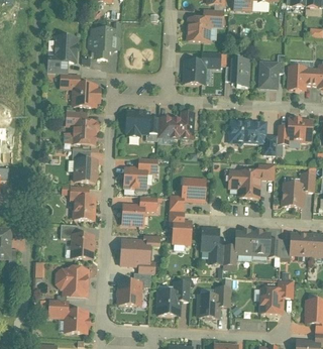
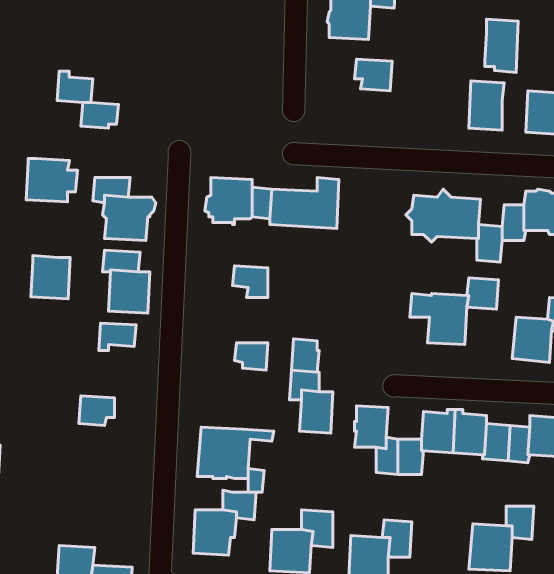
building: [89,28,111,59] -> none
building: [55,36,76,61] -> none
building: [231,59,248,86] -> [485,19,518,72]
building: [184,60,205,83] -> none
building: [74,84,100,106] -> [26,158,78,202]
building: [124,166,146,187] -> none
building: [182,179,205,201] -> none
building: [74,197,94,219] -> [31,255,70,299]
building: [122,205,143,224] -> none
building: [73,234,92,257] -> none
building: [58,268,87,296] -> none

